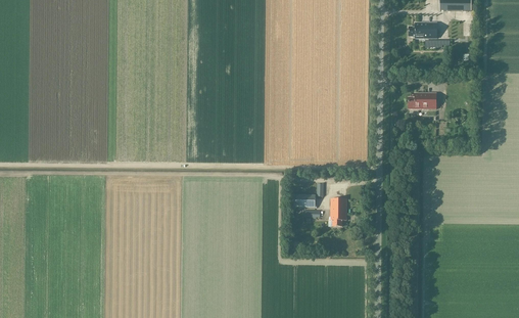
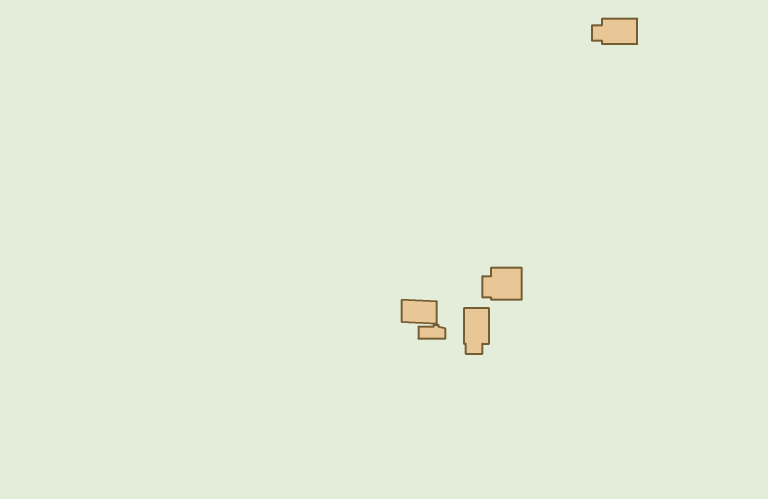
building: [409,93,436,109] -> none
building: none -> [483,268,522,300]

